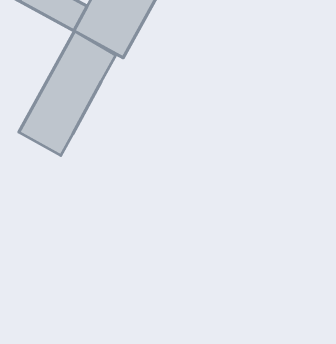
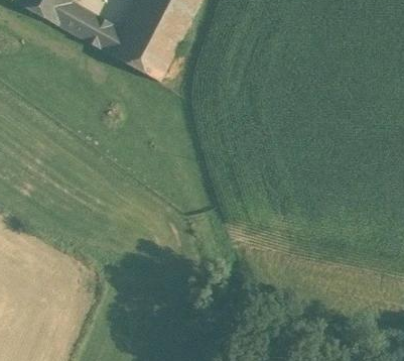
building: [19,31,116,156] -> none

